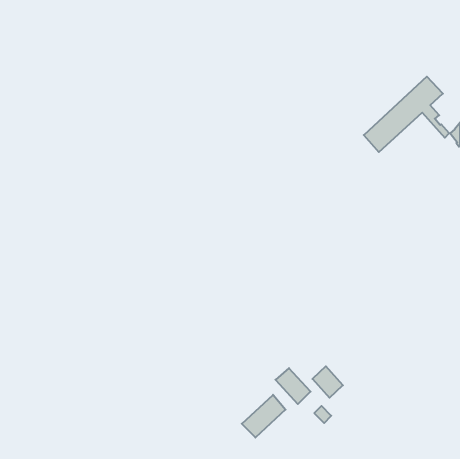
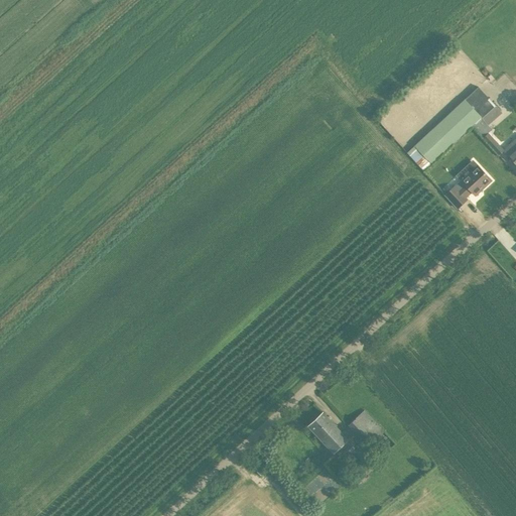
building: none -> [444,167,490,208]
building: [242,395,286,438] -> none

